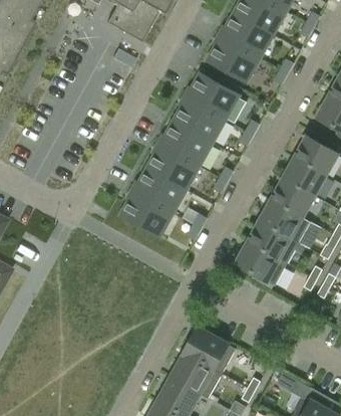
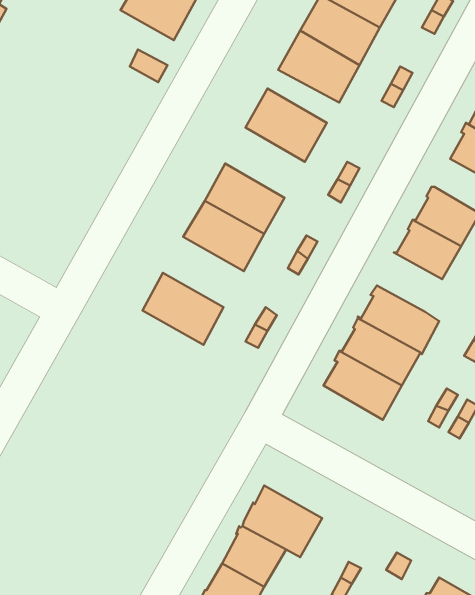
building: [173,98,224,144] -> none
building: [132,169,185,214] -> none
building: [270,179,312,217] -> none

